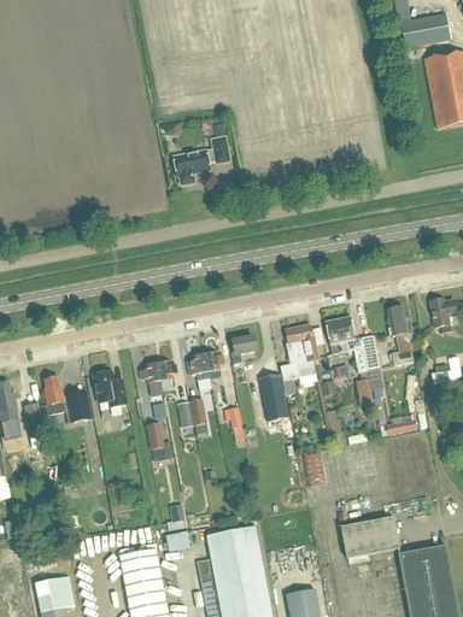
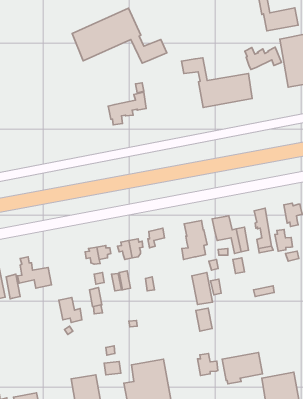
building: none -> [72,8,167,63]
building: none -> [245,47,282,70]
building: none -> [182,58,252,107]
building: none -> [275,229,292,251]
building: [93,371,127,407] -> [59,298,82,322]
building: [258,374,288,421] -> [192,272,212,305]
building: none -> [197,354,218,376]

